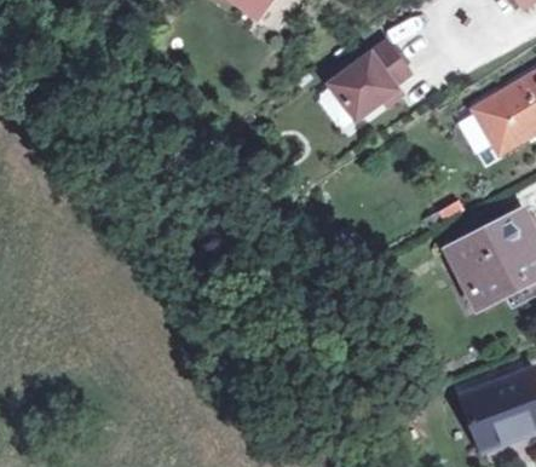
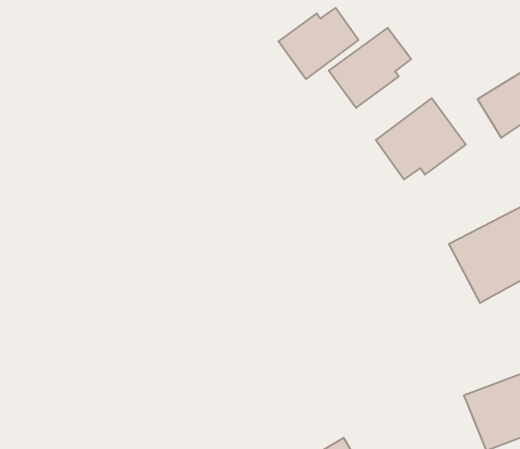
building: none -> [278,8,358,79]
building: none -> [376,98,466,179]

